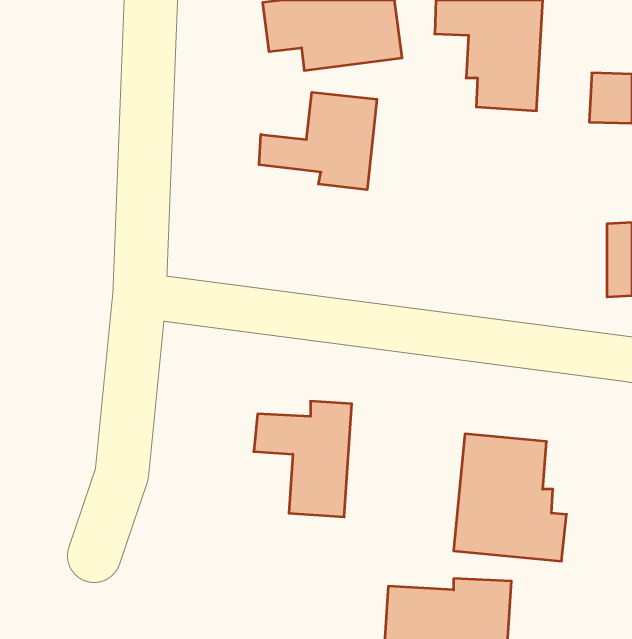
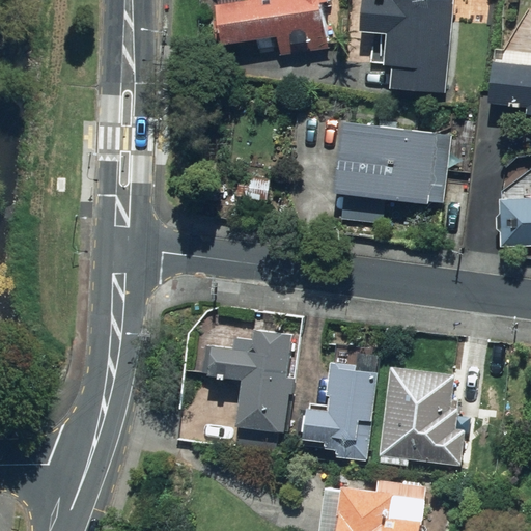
building: [259,92,377,190] -> none
building: none -> [336,120,448,206]
building: none -> [301,361,375,458]

